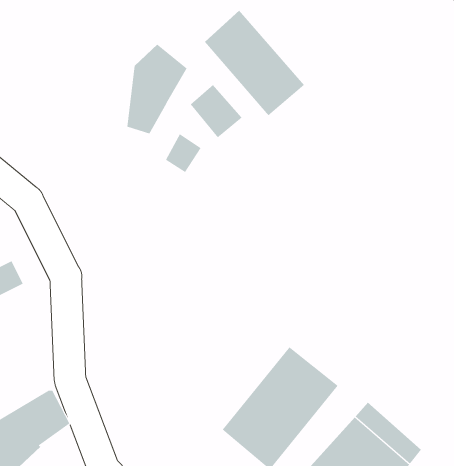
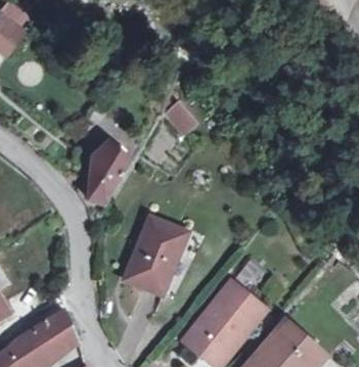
building: [204,10,305,116] -> none
building: [126,44,188,134] -> [88,142,131,205]
building: none -> [125,218,186,294]

